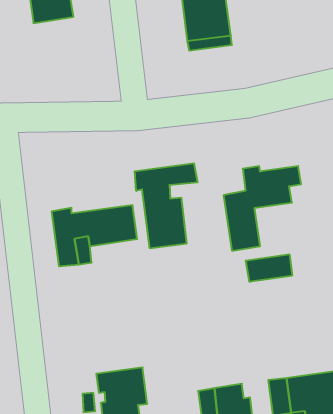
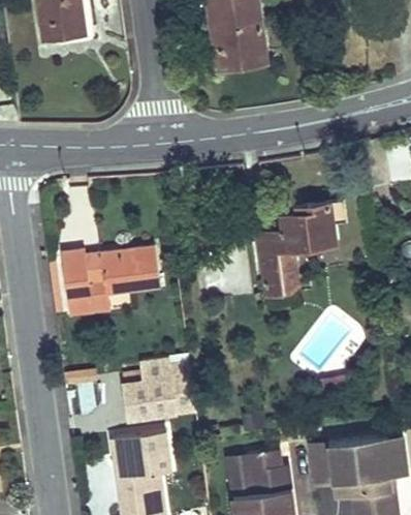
building: [135,163,197,248] -> none
building: [246,254,292,282] -> none
building: none -> [120,365,173,422]

